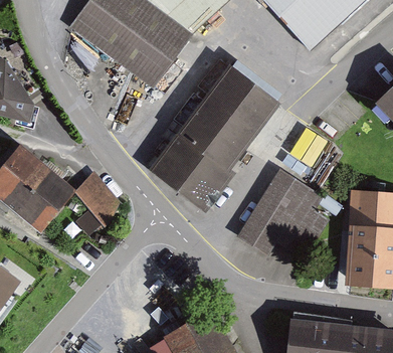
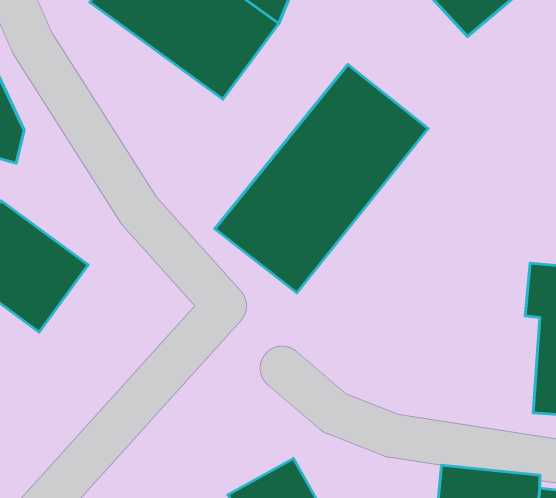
building: [72,168,119,218] -> none
building: [238,171,326,252] -> none

